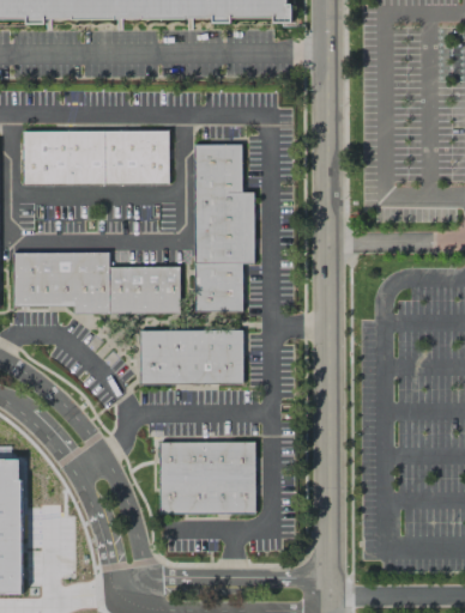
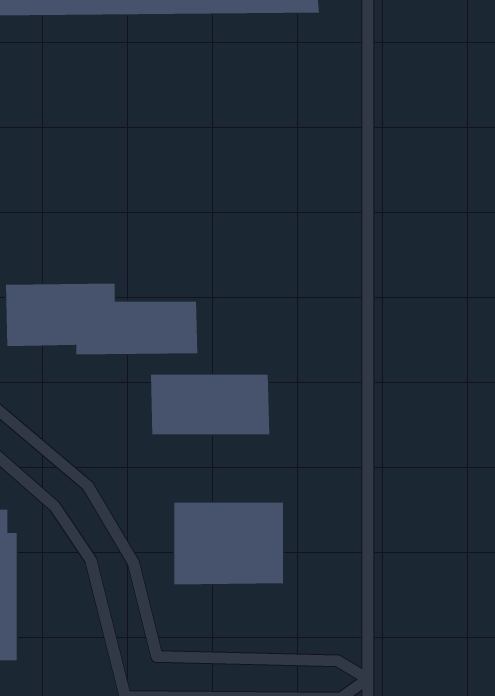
building: [24,131,169,184] -> none
building: [194,144,254,311] -> none

